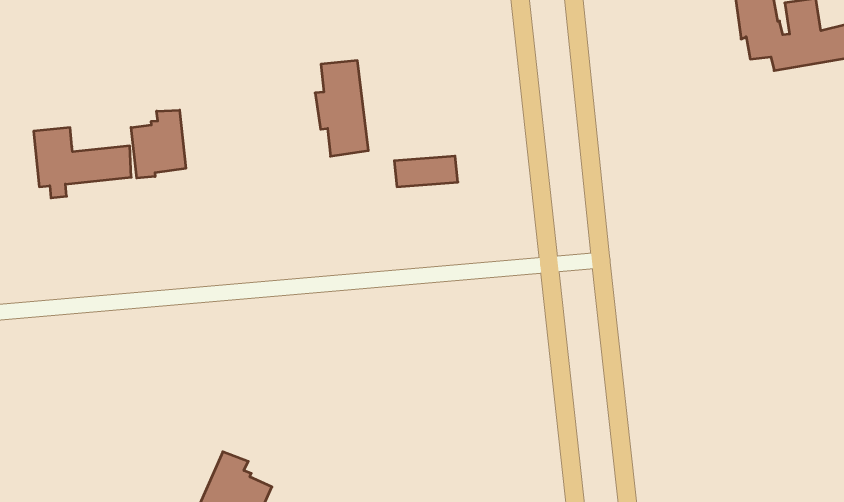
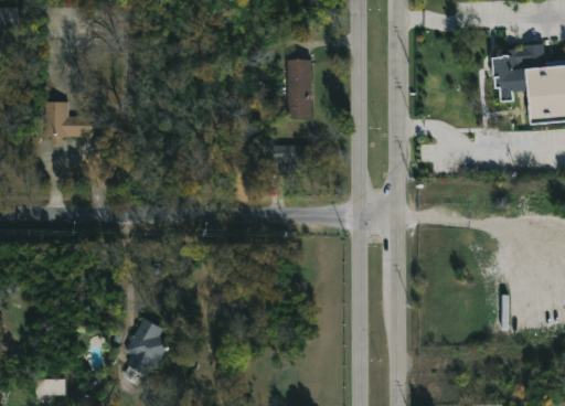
building: [315,61,368,156] -> [280,58,310,117]
building: [131,110,186,178] -> none

